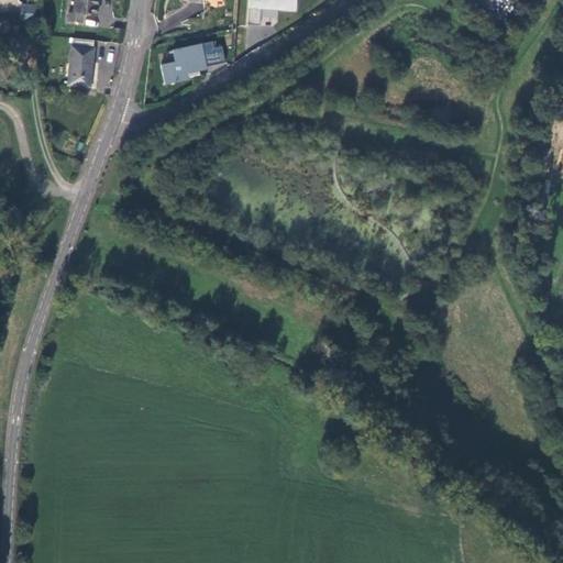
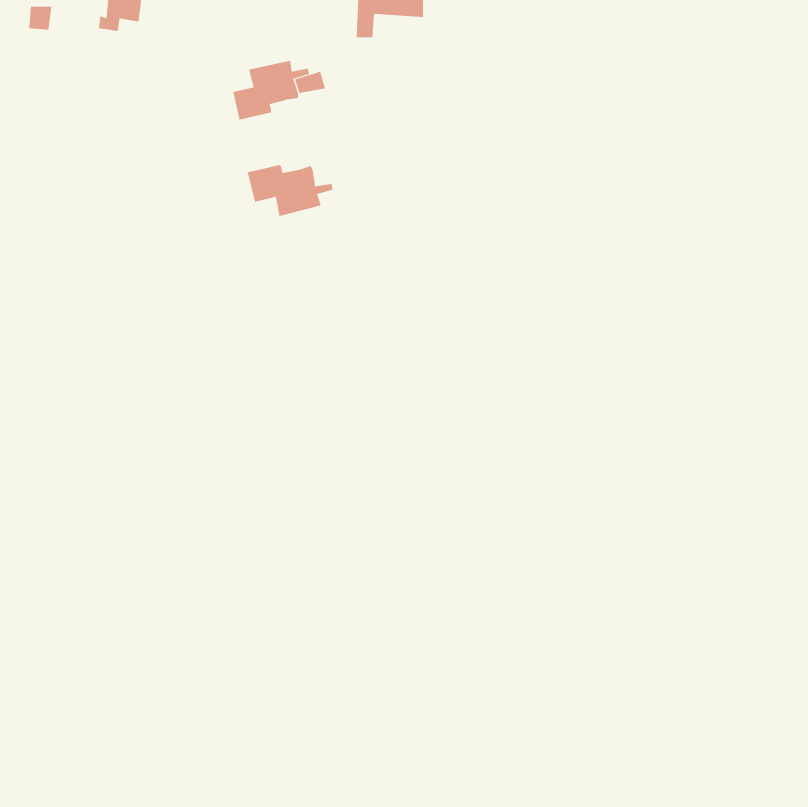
building: [68,37,93,87] -> none
building: none -> [247,164,333,217]

